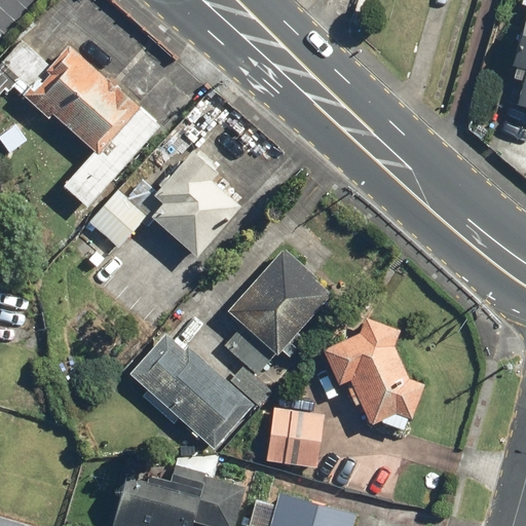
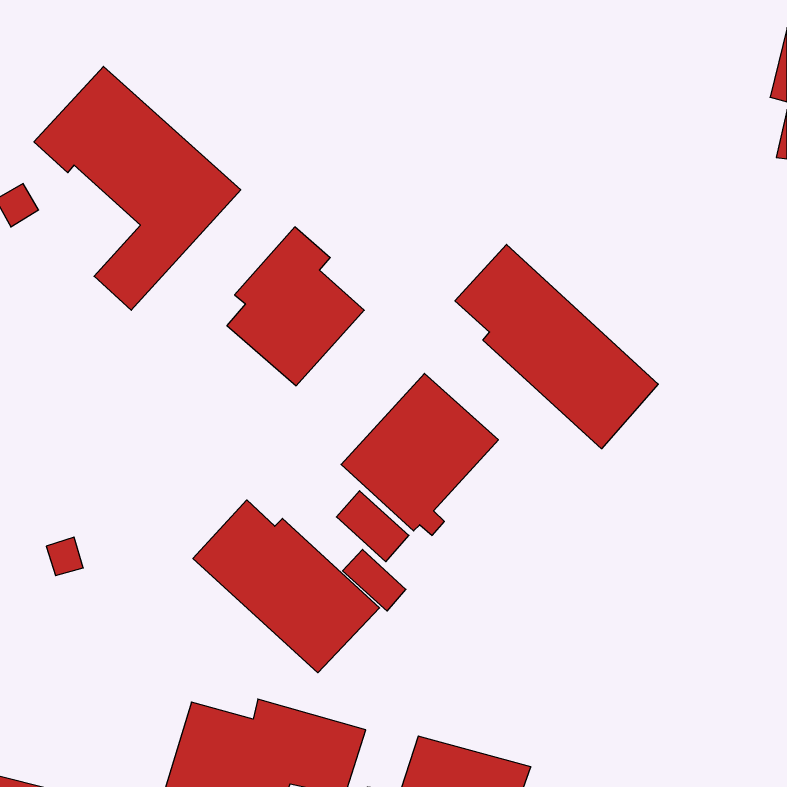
building: none -> [455,244,658,449]
building: [87,189,146,248] -> none
building: [323,316,423,429] -> none
building: [264,409,323,467] -> none

